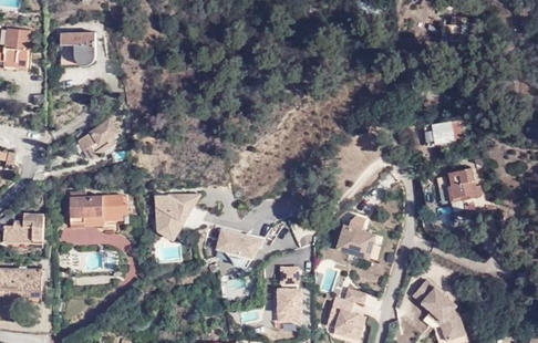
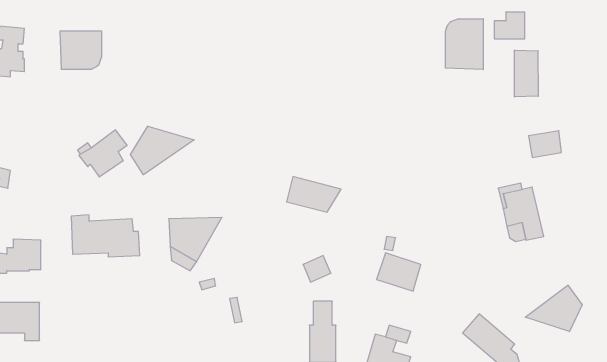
building: none -> [445,19,483,70]
building: none -> [515,50,538,97]
building: none -> [130,126,194,175]
building: [431,119,459,143] -> [528,131,561,157]
building: [215,228,262,259] -> [287,177,341,212]
building: none -> [525,285,582,332]

